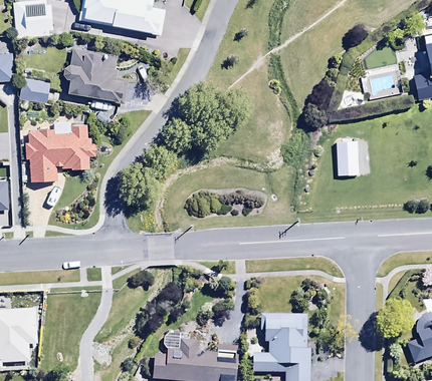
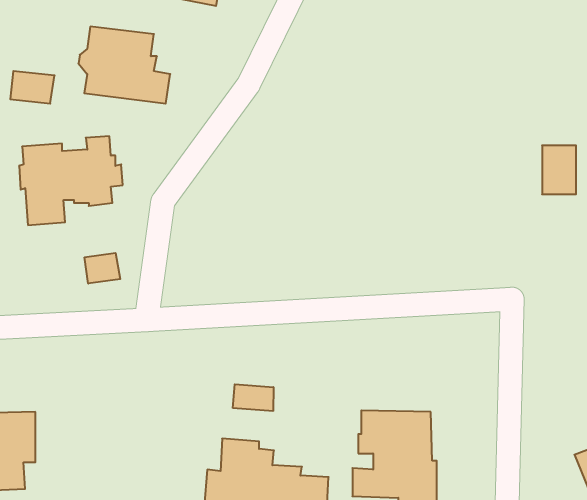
building: [337,143,360,176] -> [542,145,576,194]
building: none -> [85,253,120,284]
building: none -> [233,384,273,411]

